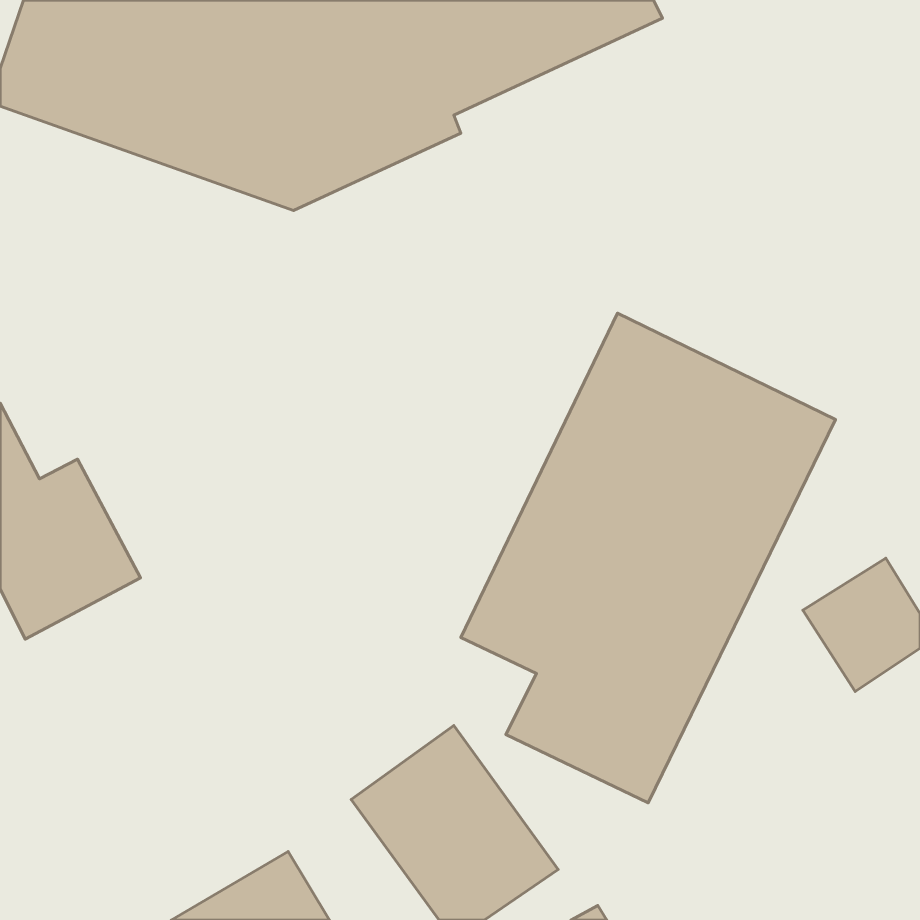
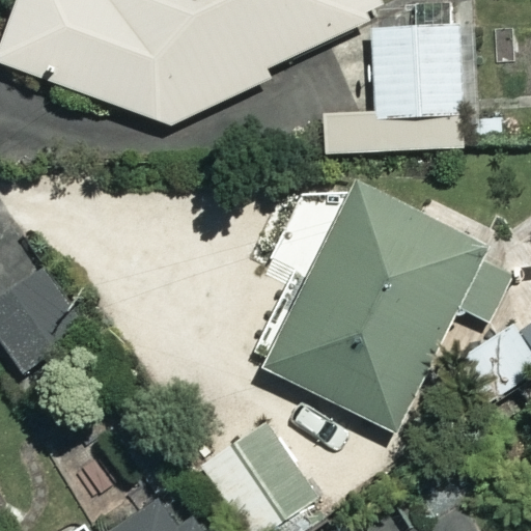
building: none -> [371,21,463,115]

